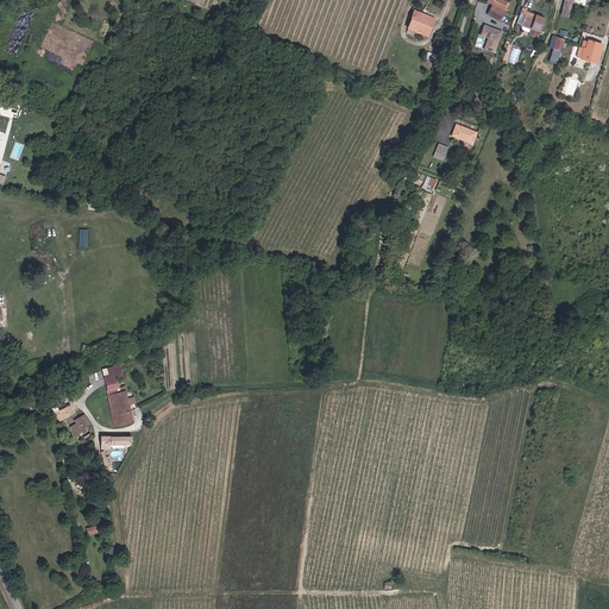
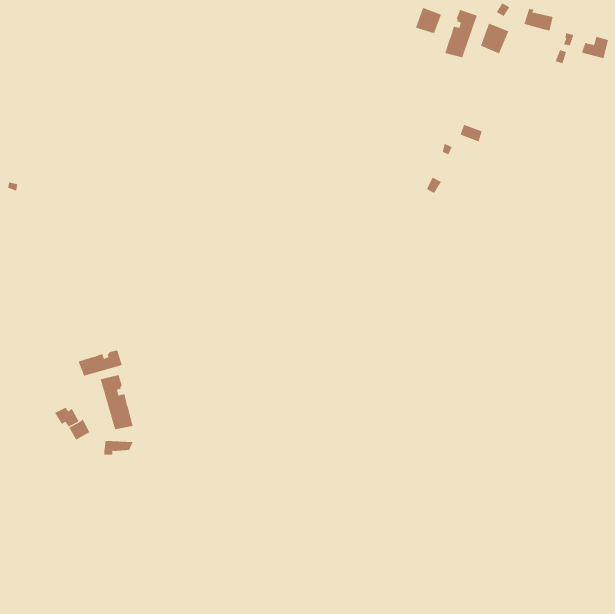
building: none -> [444,9,478,58]
building: none -> [78,349,122,377]

